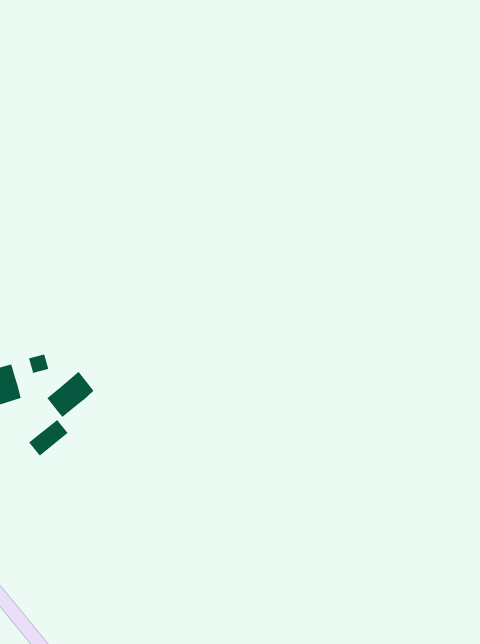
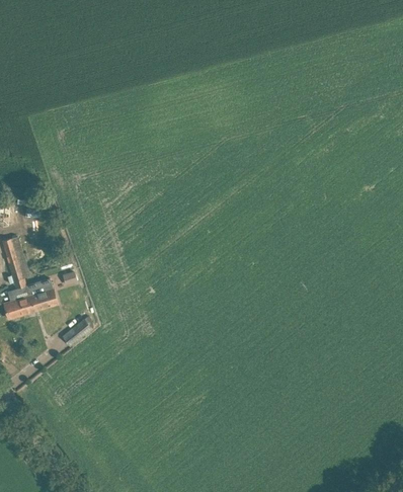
building: [46,371,94,418] -> none

